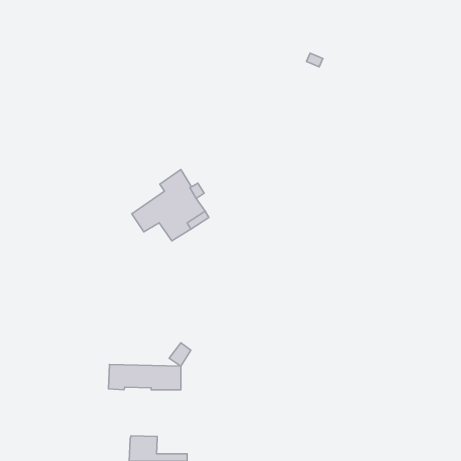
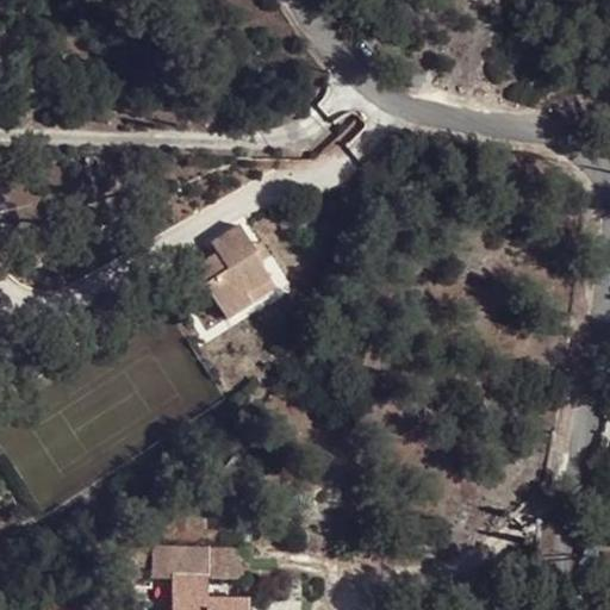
building: [109,364,181,390] -> [152,546,248,579]

